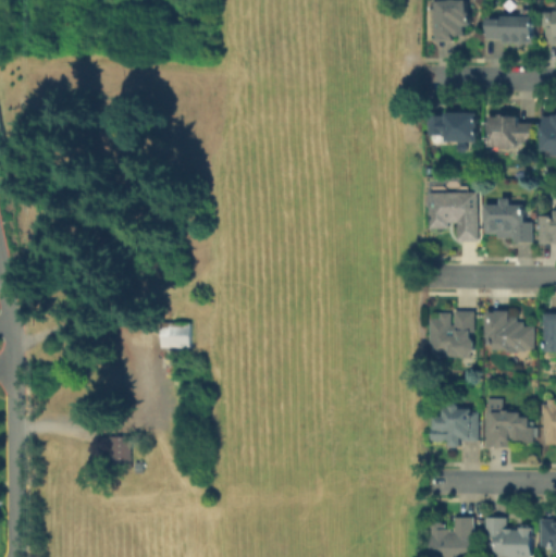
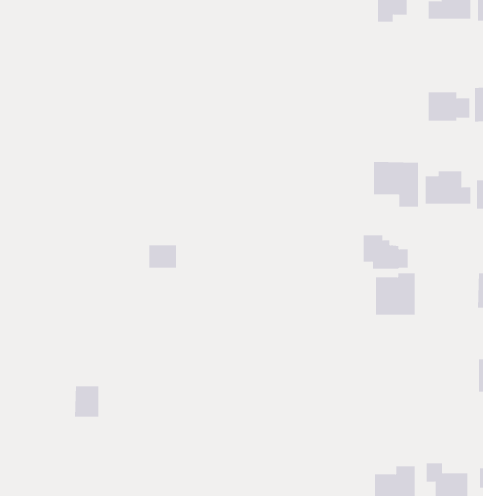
building: [429,112,480,144] -> none
building: [486,313,535,350] -> [363,235,408,269]
building: [160,322,190,347] -> [148,245,177,268]
building: [485,400,533,448] -> none
building: [430,408,473,448] -> none

